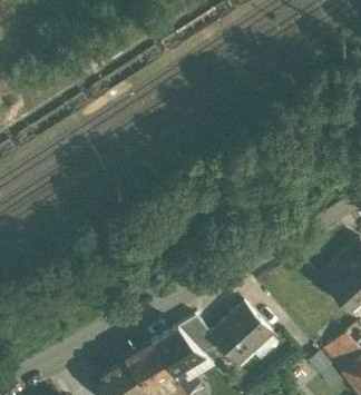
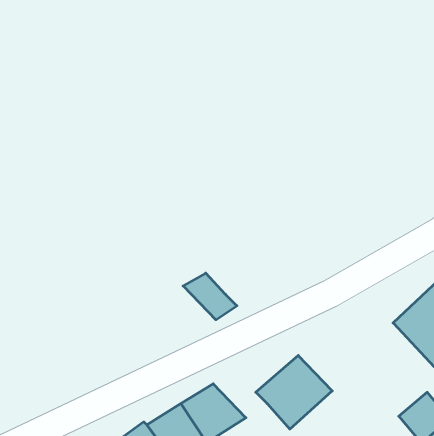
building: [178,316,221,353] -> [183,273,237,320]

